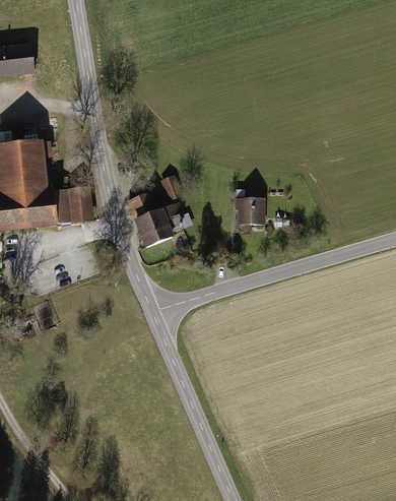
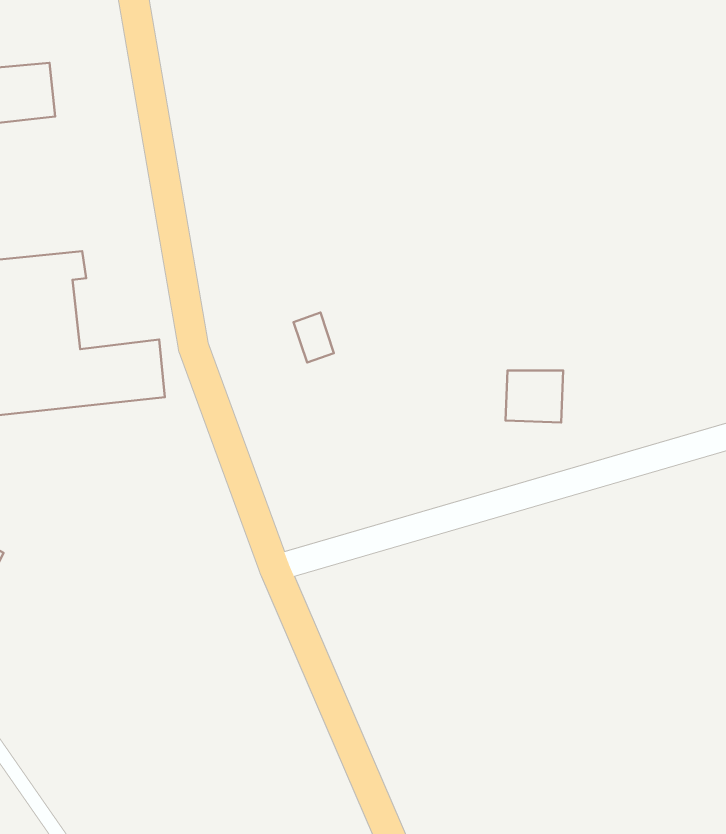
building: [126,190,180,245] -> none
building: [235,198,265,226] -> [505,371,563,422]

